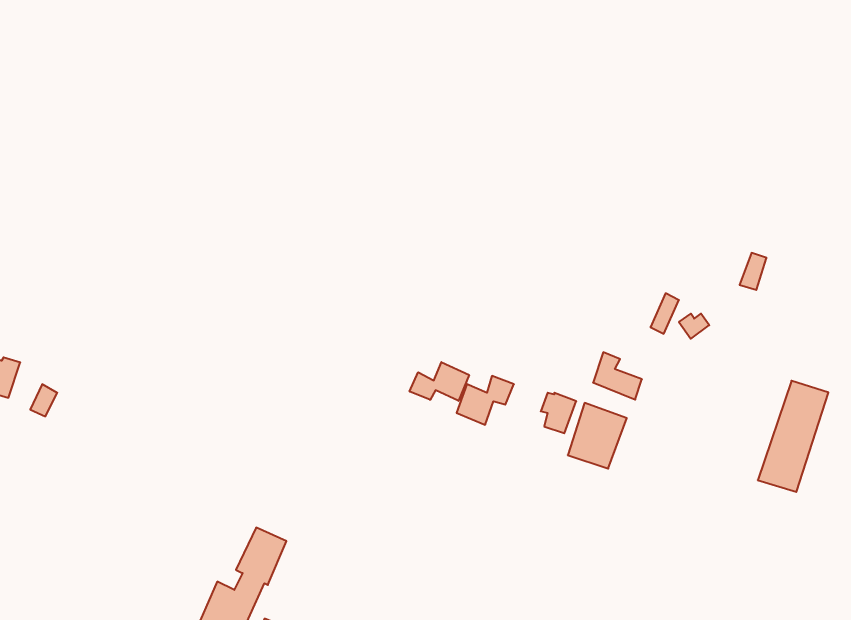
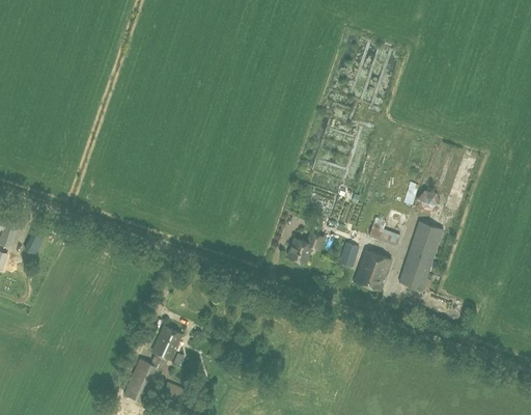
building: [410,362,469,401] -> none
building: [758,381,828,492] -> [399,221,443,289]

